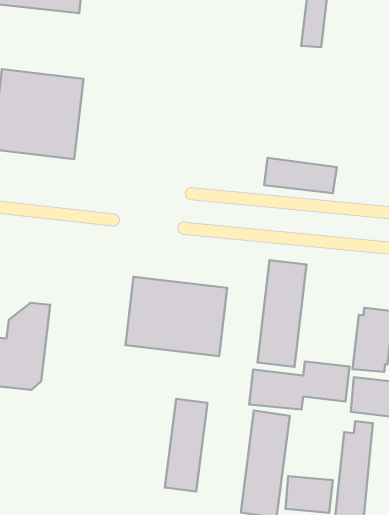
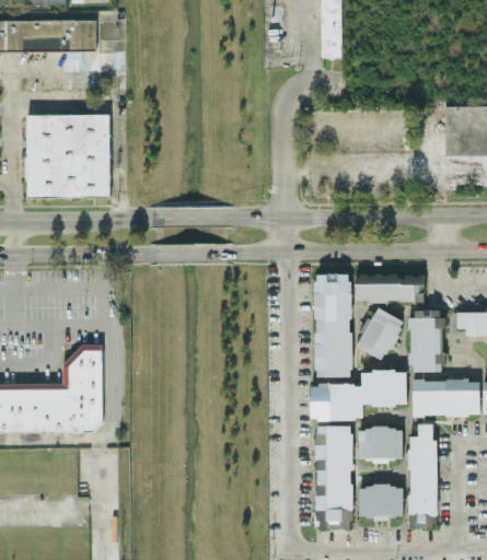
building: [264,158,337,193] -> [355,275,425,302]
building: [125,277,227,356] -> none
building: none -> [355,308,404,361]
building: [165,399,208,491] -> none
building: none -> [358,429,402,463]

